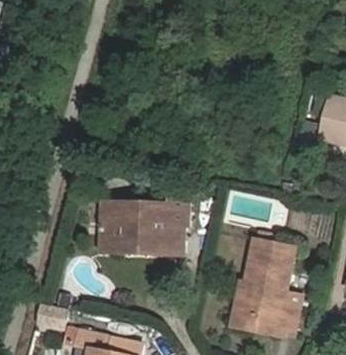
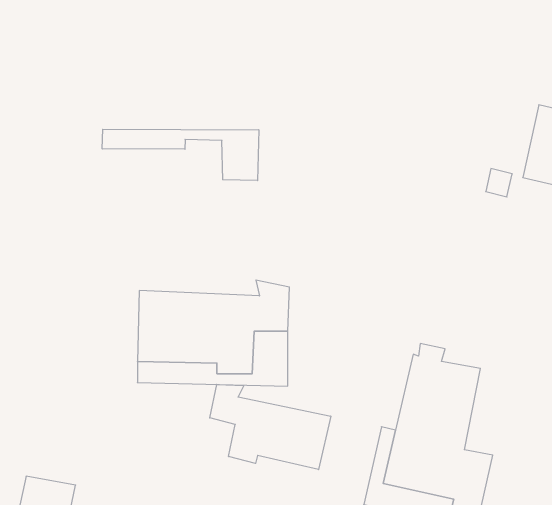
building: none -> [102,129,259,181]
building: none -> [210,384,331,470]

